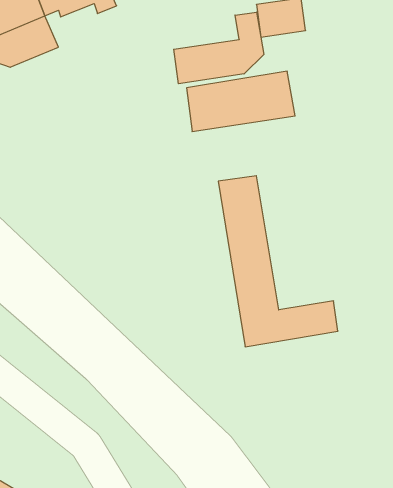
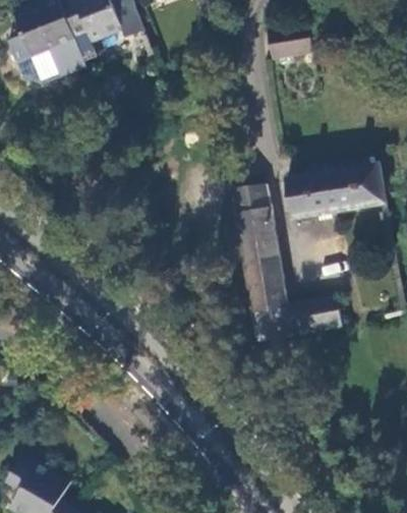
building: [174,12,264,84] -> none
building: [187,71,295,132] -> [288,164,387,219]

